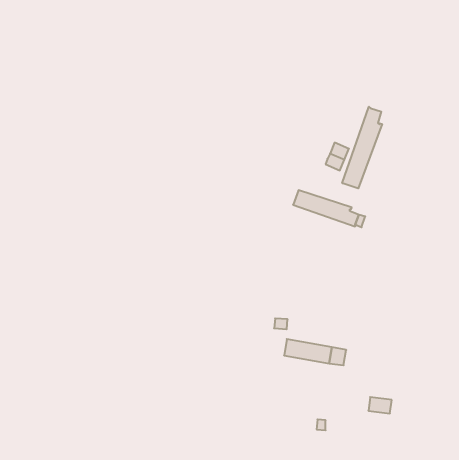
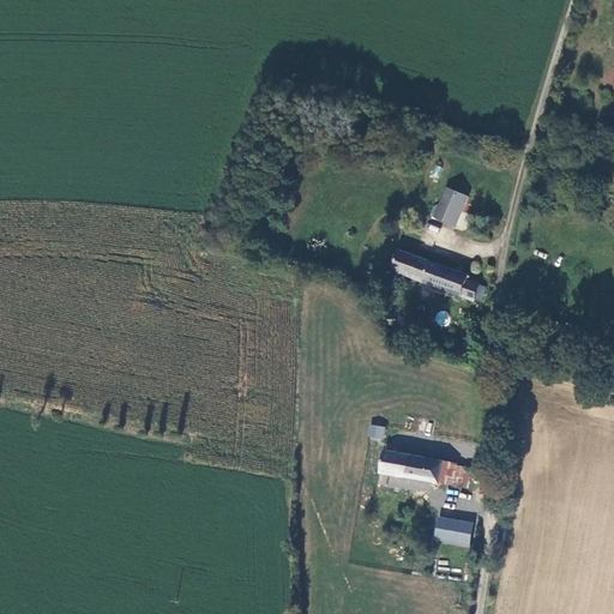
building: [342,107,382,188] -> none
building: [368,397,392,413] -> [437,520,468,542]

